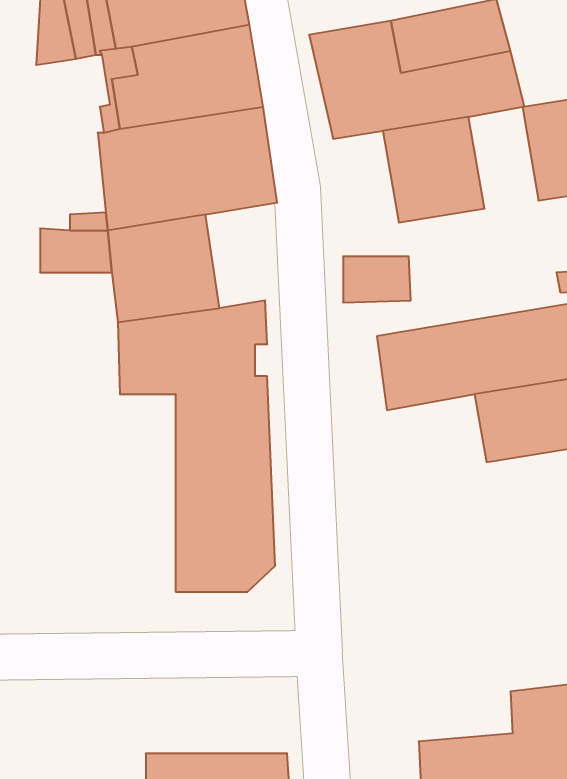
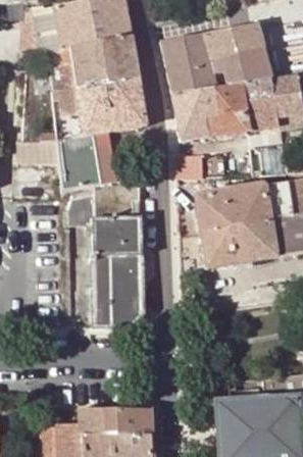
building: none -> [243,79,279,131]
building: none -> [173,91,207,142]
building: none -> [201,225,252,267]

